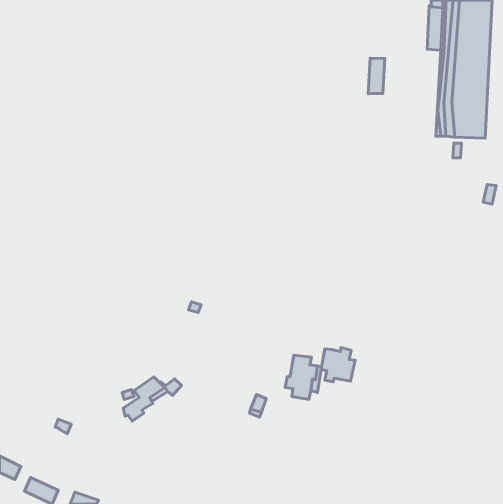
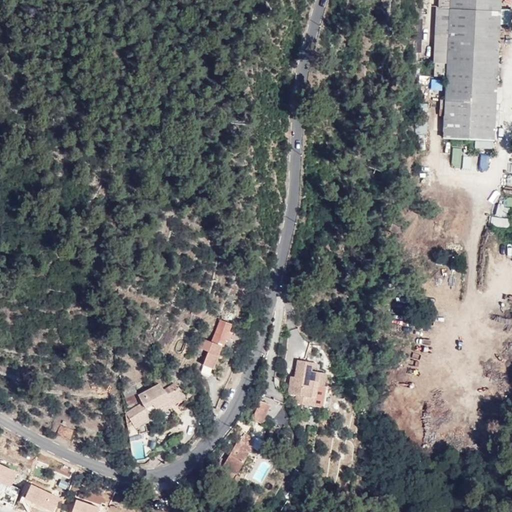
building: [368,58,385,94] -> none
building: none -> [198,320,231,369]
building: [321,348,355,382] -> none
building: none -> [224,434,251,473]

